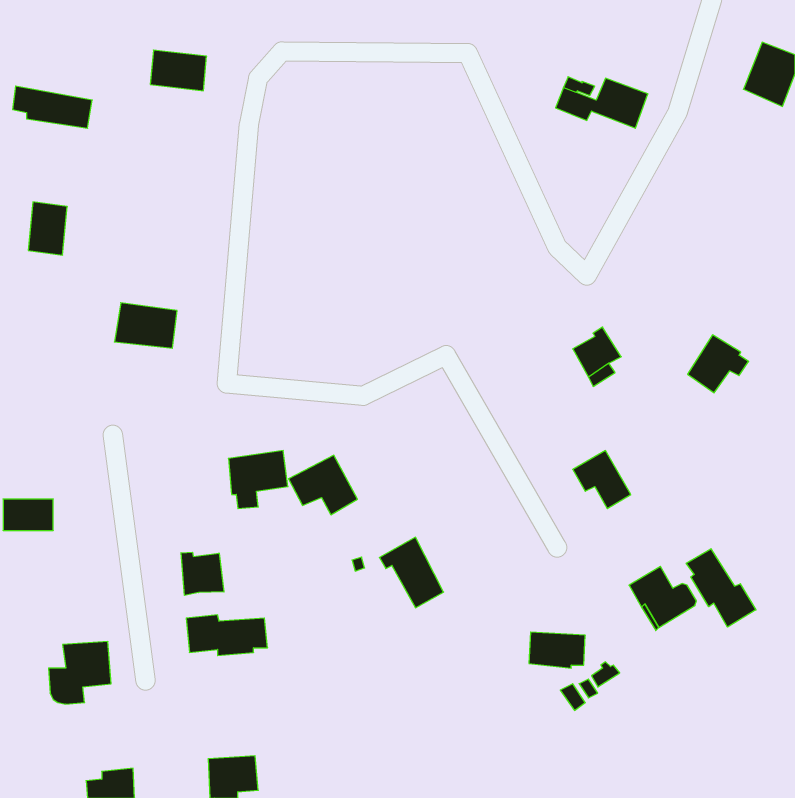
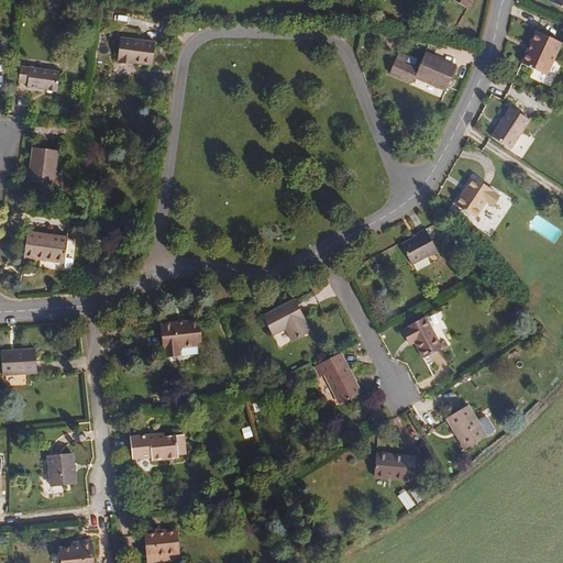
building: none -> [490,103,530,146]
building: [114,303,177,348] -> [24,231,68,263]
building: [688,335,749,393] -> [456,178,499,219]
building: [289,455,357,515] -> [263,299,311,341]
building: [379,537,444,608] -> [316,354,361,404]
building: [686,549,756,627] -> none
building: [181,552,224,595] -> none

